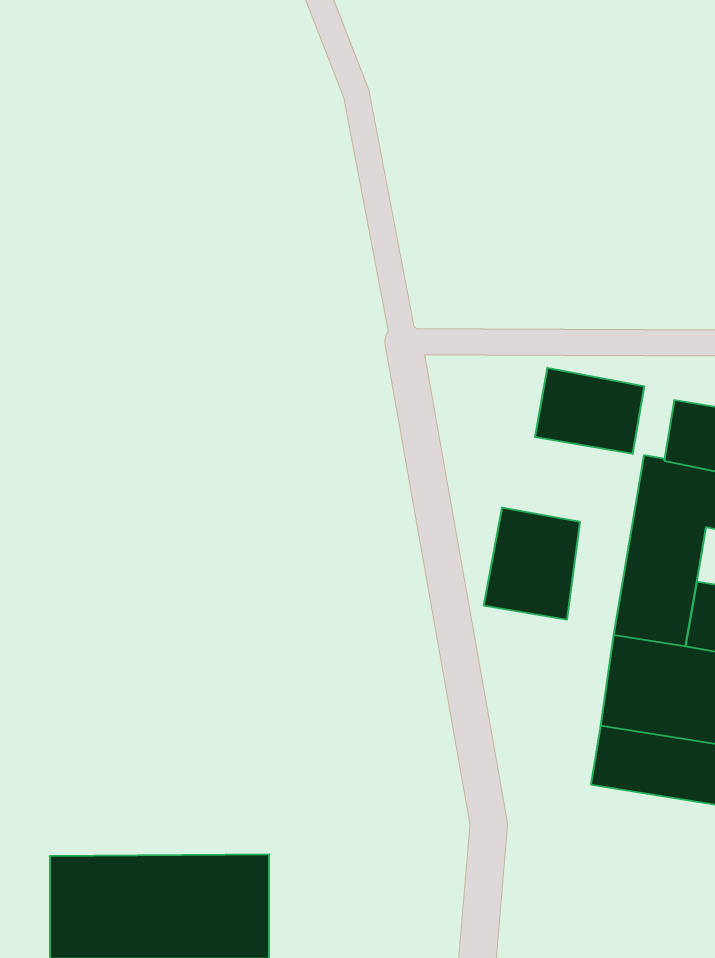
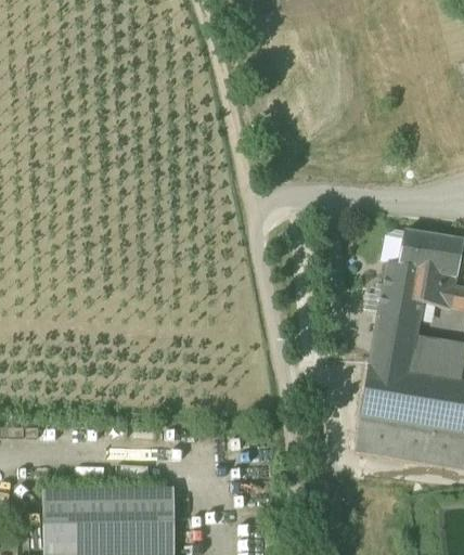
building: [535,368,644,454] -> none
building: [484,508,580,620] -> none

